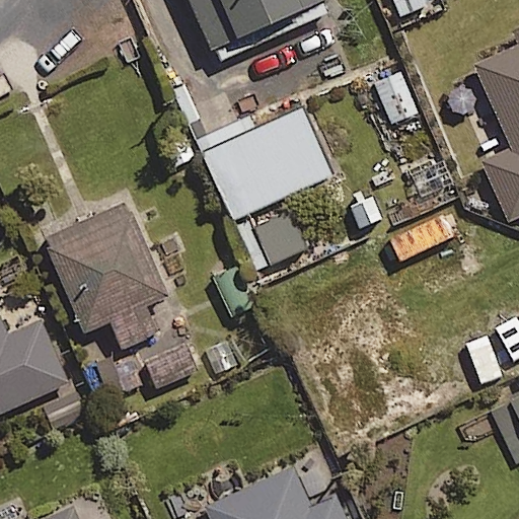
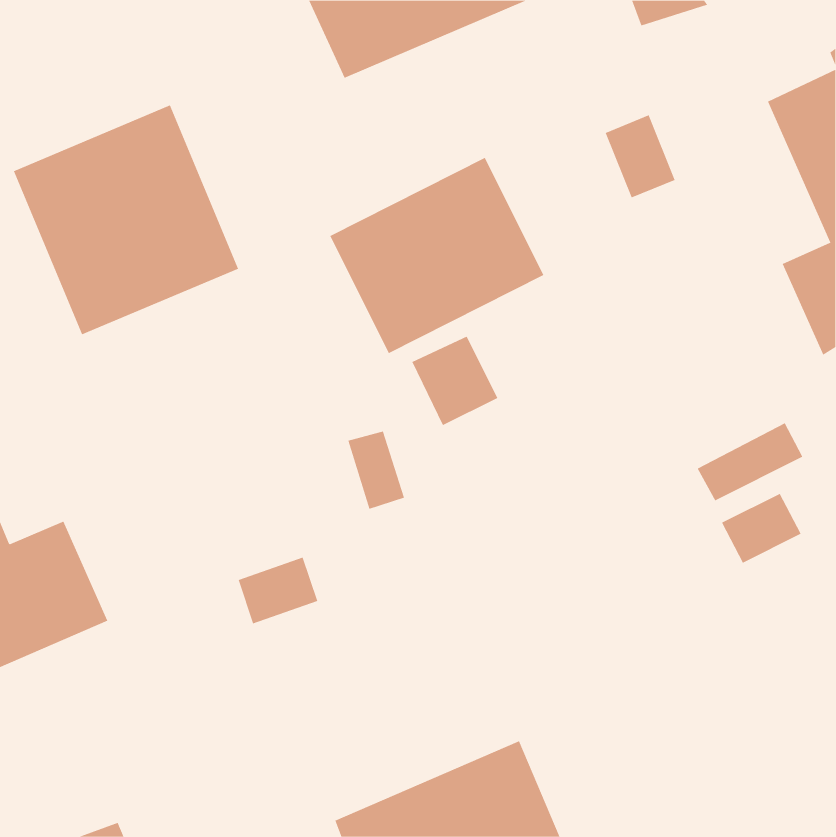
building: none -> [13,105,239,335]
building: [44,204,167,349] -> none

